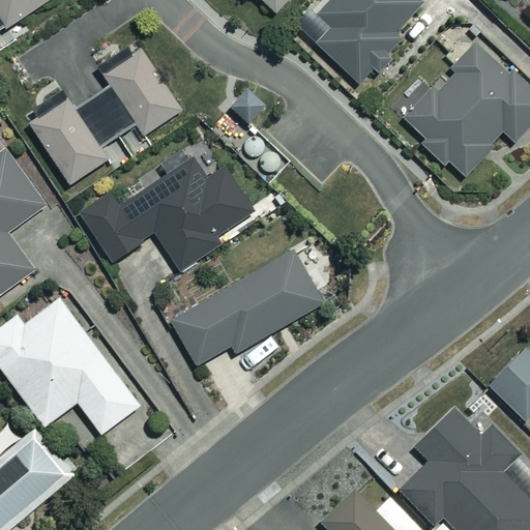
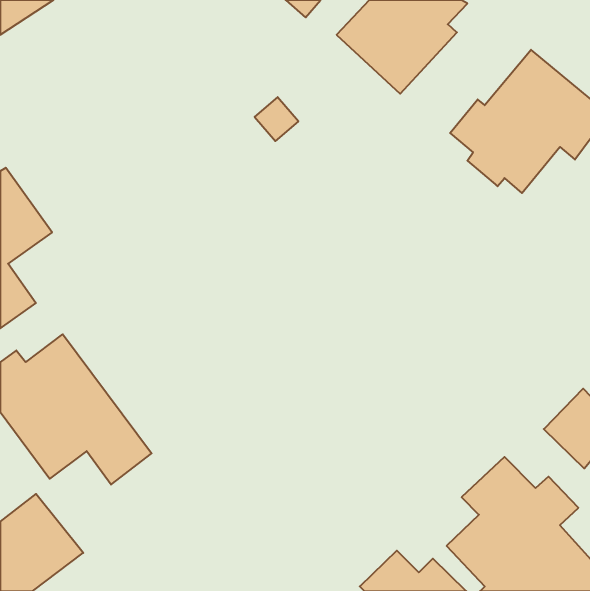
building: [29,49,180,183] -> none
building: [80,157,254,269] -> none
building: [168,249,323,365] -> none

